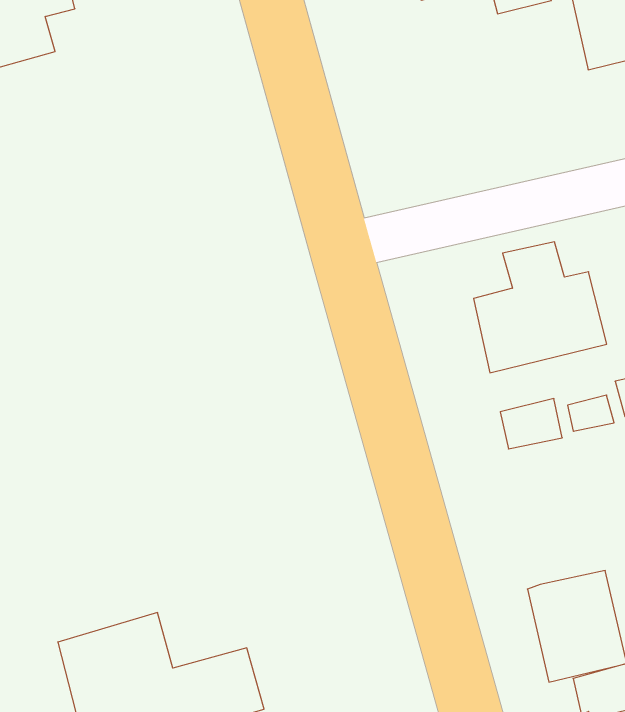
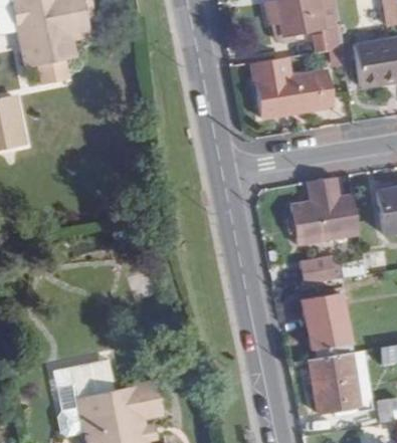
building: none -> [253,56,335,116]
building: none -> [302,292,352,358]

